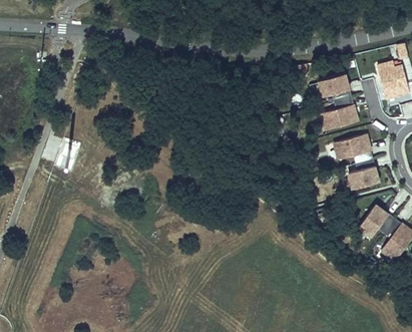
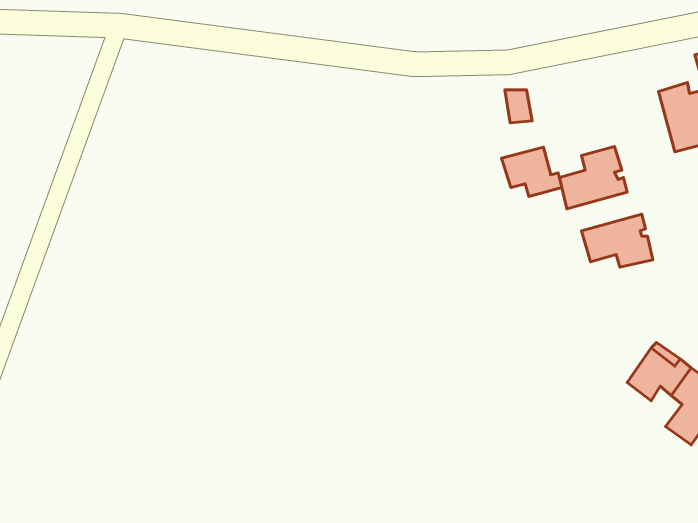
building: [320,74,353,101] -> [502,147,562,197]
building: [350,158,377,189] -> none

